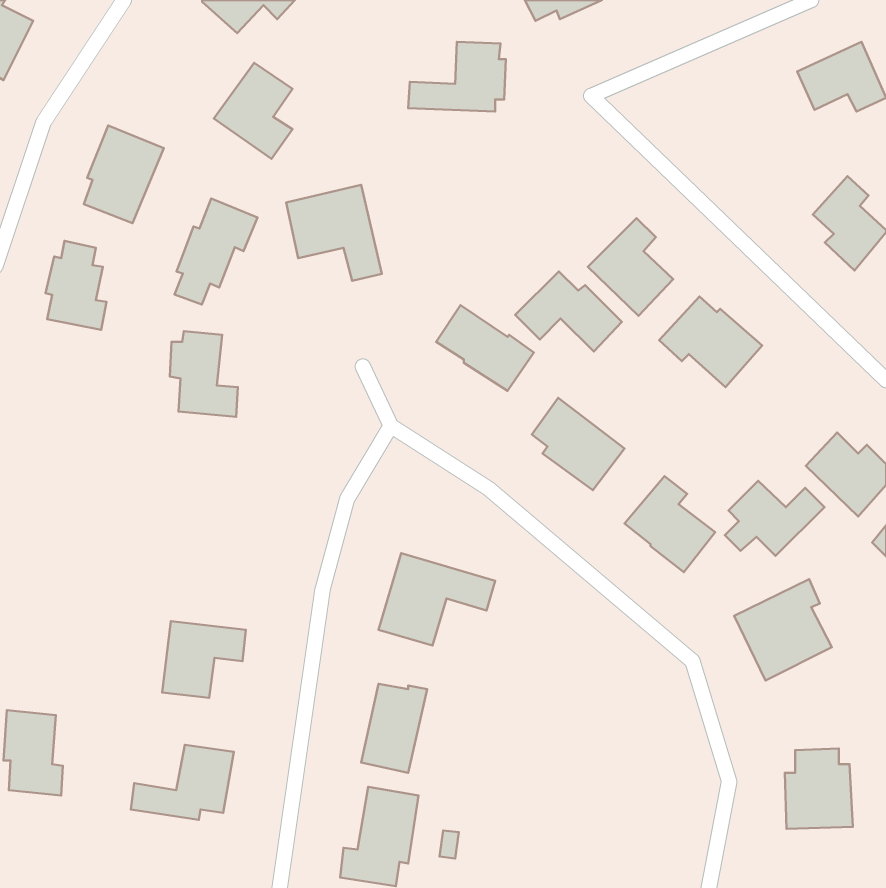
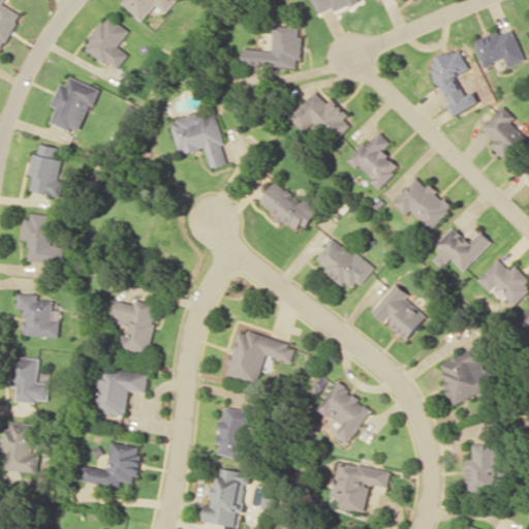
building: [214,63,292,159] -> [83,15,129,72]
building: none -> [426,49,473,117]
building: [174,199,257,305] -> none
building: [515,271,622,352] -> [287,93,350,141]
building: [170,331,238,417] -> [22,214,62,264]
building: [725,481,824,556] -> [432,227,491,272]
building: none -> [15,294,60,338]
building: none -> [107,300,157,354]
building: none -> [13,357,50,404]
building: none -> [316,383,370,444]
building: none -> [330,463,387,512]

